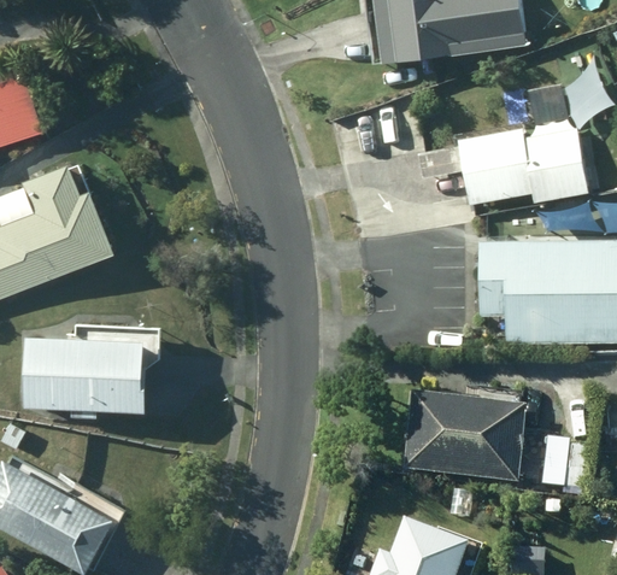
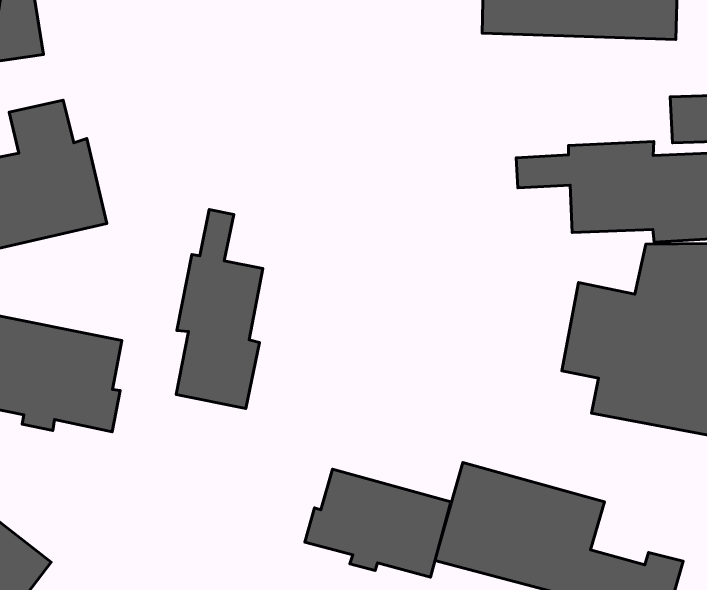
building: none -> [176,210,263,408]
building: none -> [305,469,451,577]

